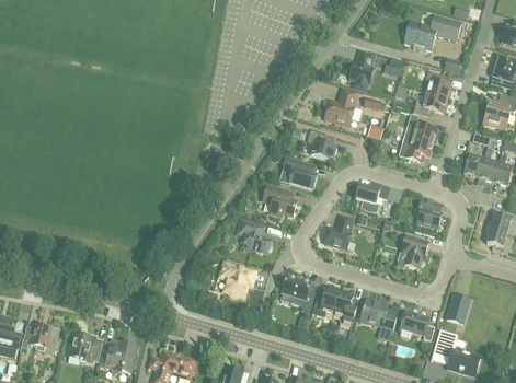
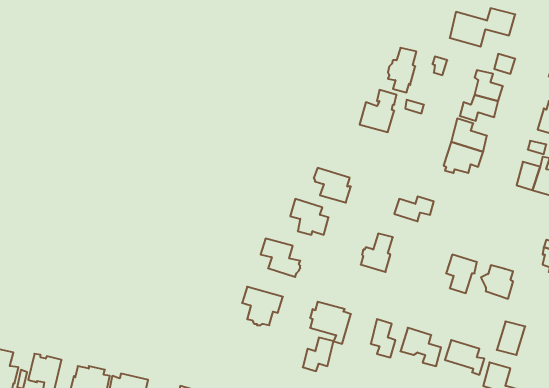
building: [307,129,335,159] -> none
building: [412,198,440,228] -> [481,265,513,299]
building: [311,287,339,316] -> [303,338,334,371]

